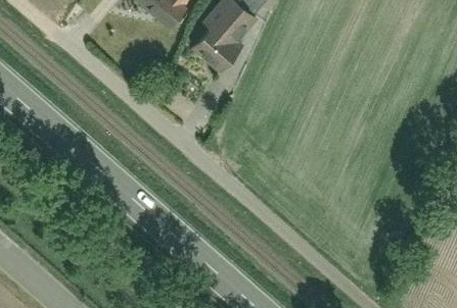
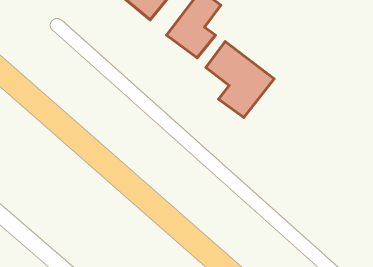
building: none -> [206,42,274,117]

